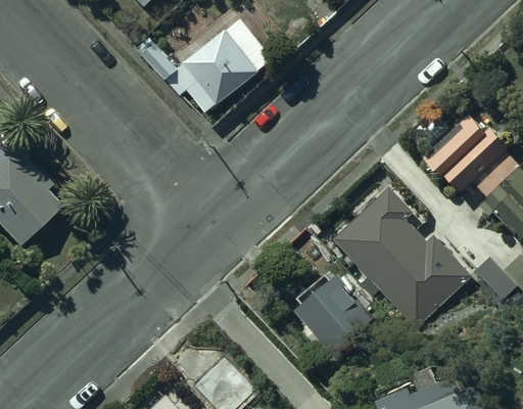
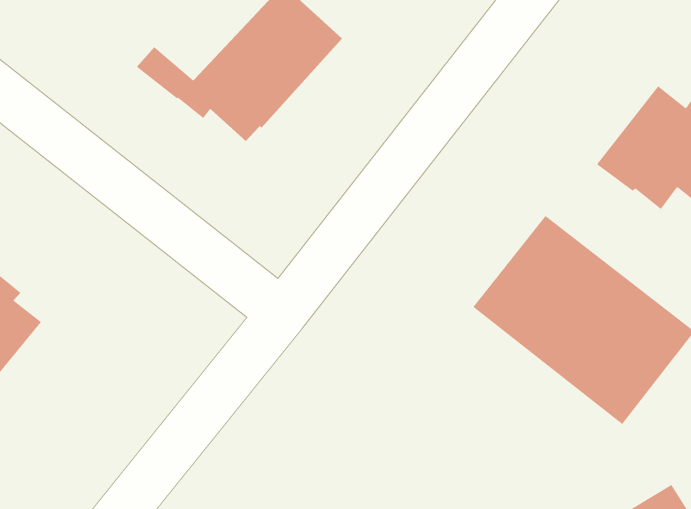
building: [297,274,377,354] -> none

